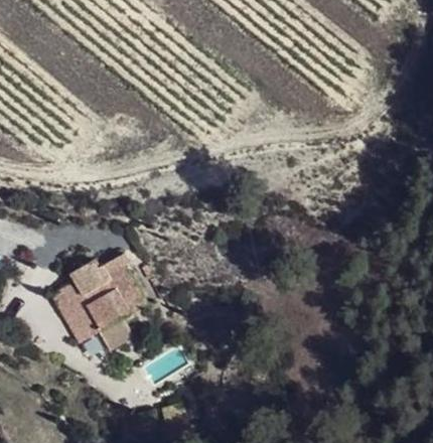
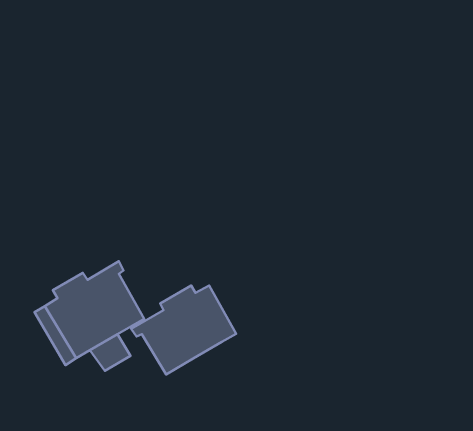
building: none -> [131,286,236,374]

